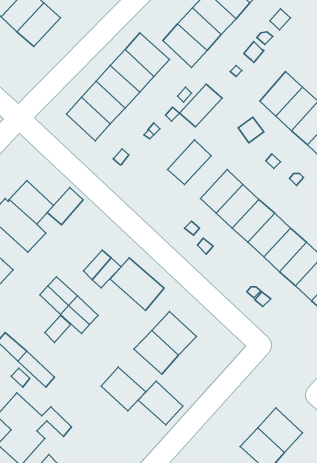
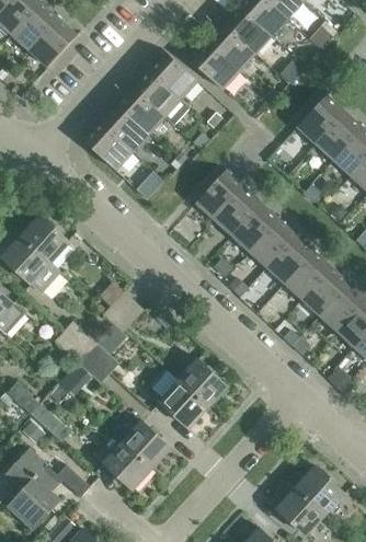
building: [180,84,222,127] -> [215,187,262,234]
building: [47,187,83,225] -> none
building: [110,258,164,311] -> none
building: [138,381,183,425] -> [103,441,152,489]

